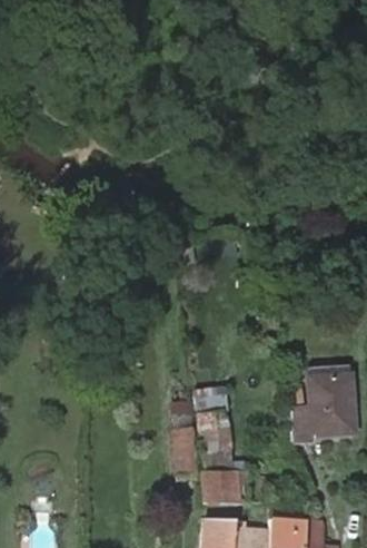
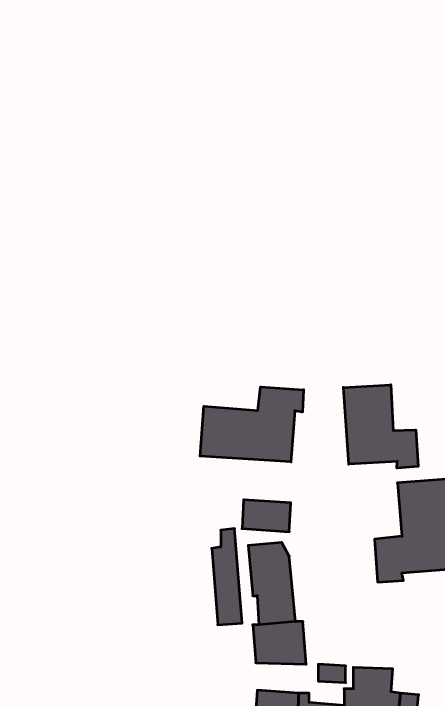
building: none -> [343,385,418,468]
building: none -> [200,387,304,462]

